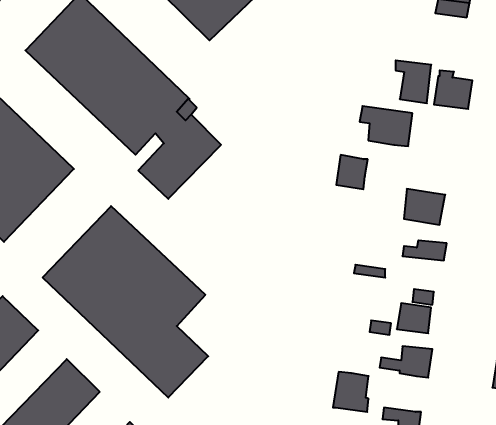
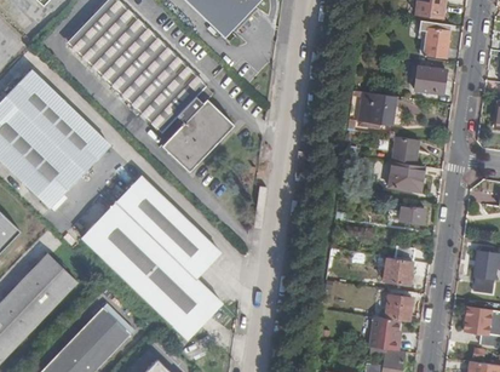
building: [396,60,431,103] -> [420,22,450,58]
building: [336,155,368,189] -> [391,137,418,166]
building: [333,372,369,412] -> [369,317,400,351]

